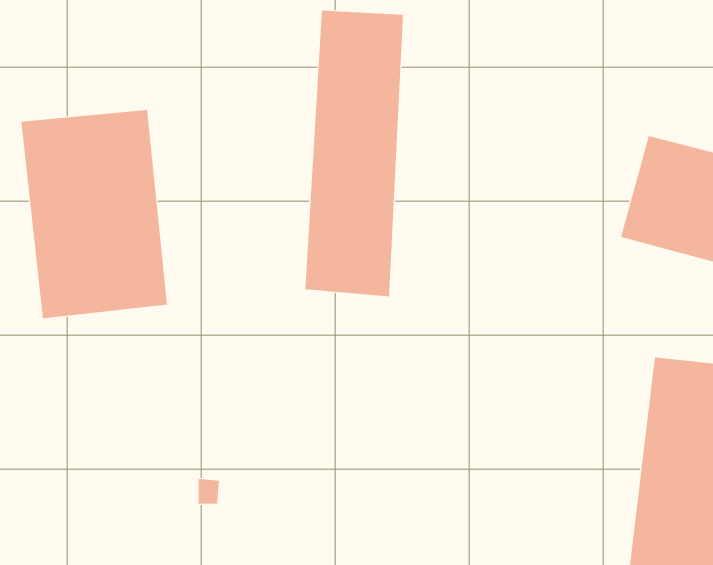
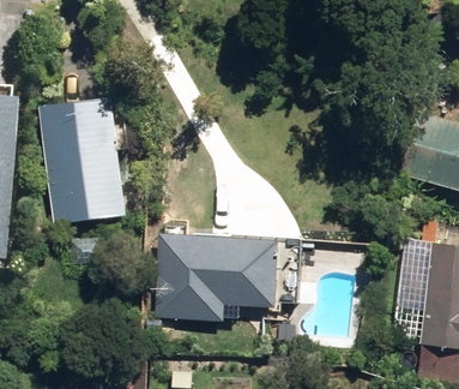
building: [305,10,403,297] -> none
building: none -> [153,233,298,321]

